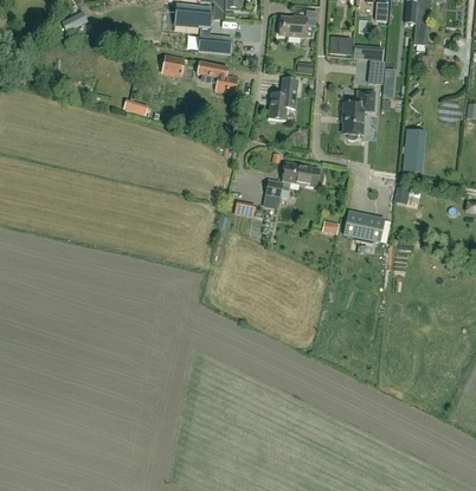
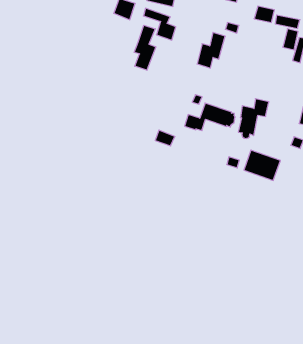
building: none -> [134,25,156,70]
building: [342,90,373,138] -> [238,99,269,138]

